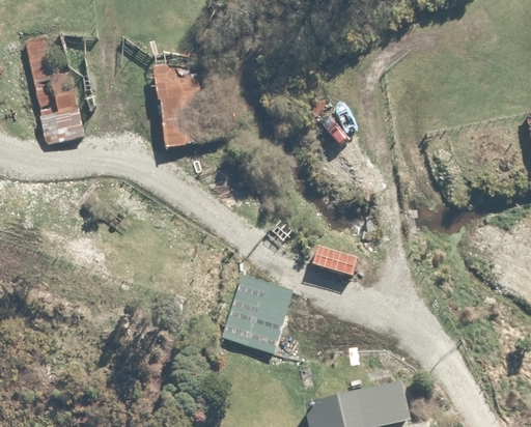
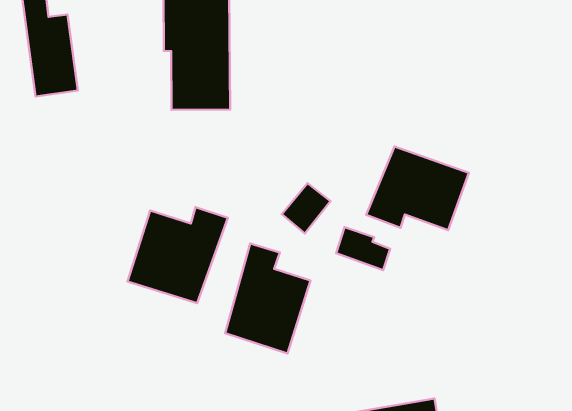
building: none -> [366,147,469,230]
building: none -> [128,207,228,303]

